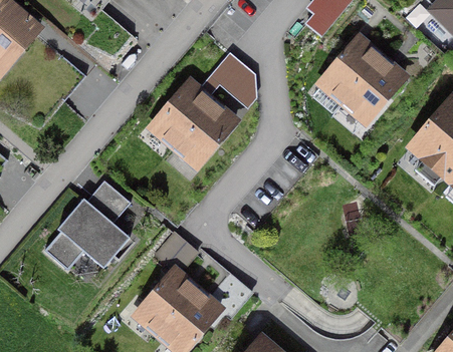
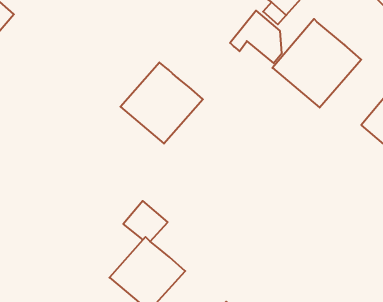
building: [202,51,258,108] -> [230,11,282,63]
building: [44,180,132,270] -> none

